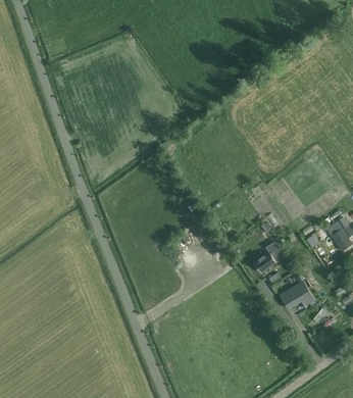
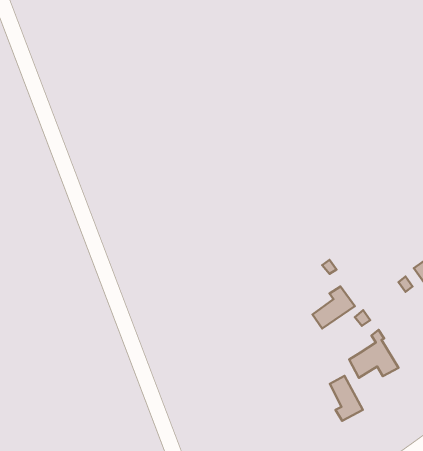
building: none -> [330,376,363,421]

